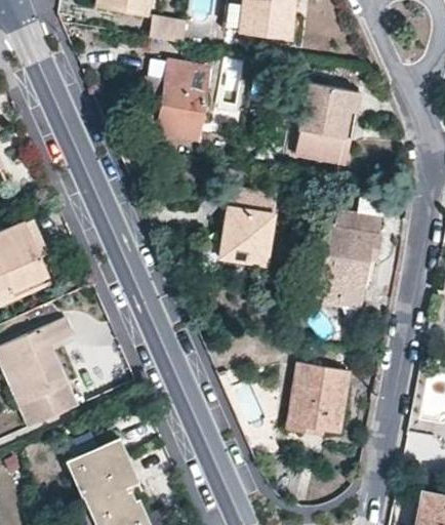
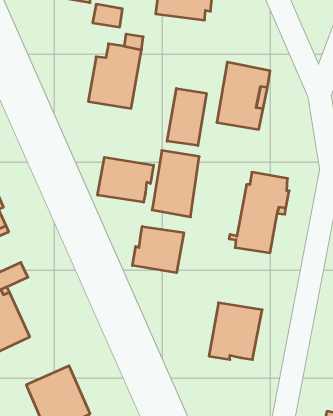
building: none -> [167,88,206,146]
building: none -> [98,157,154,202]
building: none -> [132,226,184,273]

